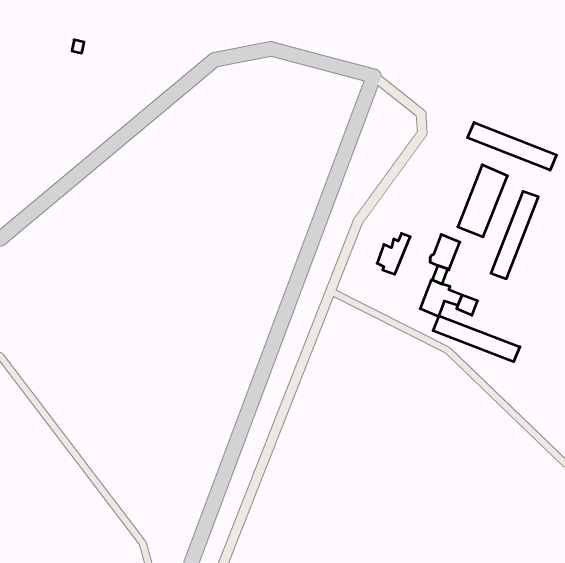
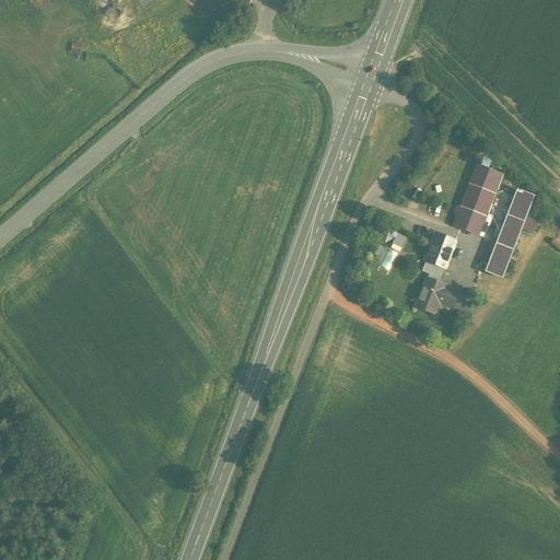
building: [467,122,557,170] -> none
building: [433,316,520,362] -> none

